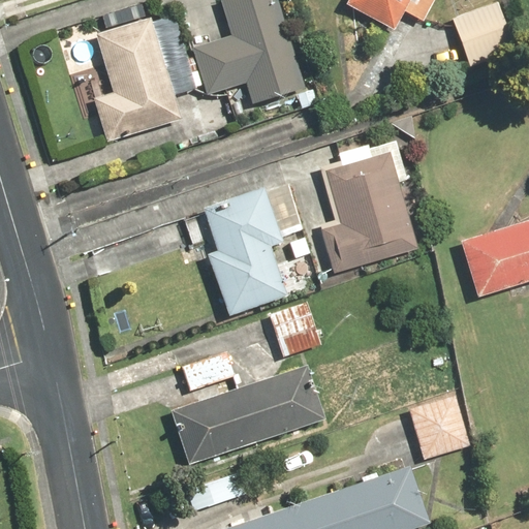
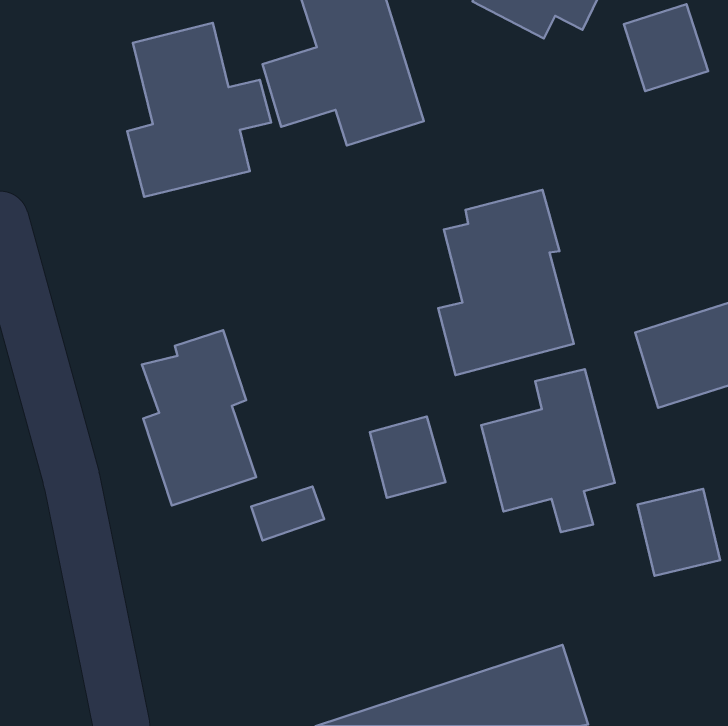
building: [205,190,287,317] -> [142,330,256,506]
building: none -> [481,369,615,532]
building: [170,366,328,464] -> none
building: [410,396,470,459] -> [637,489,720,576]

